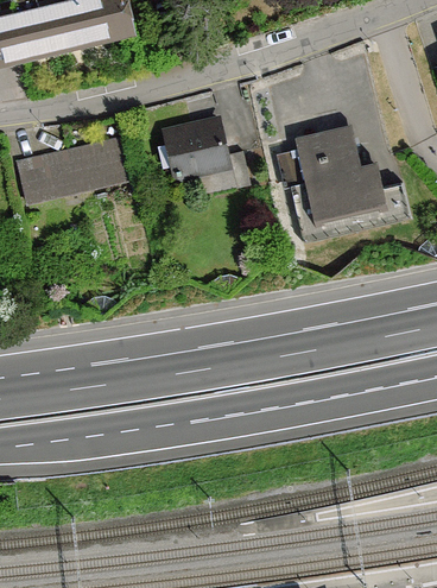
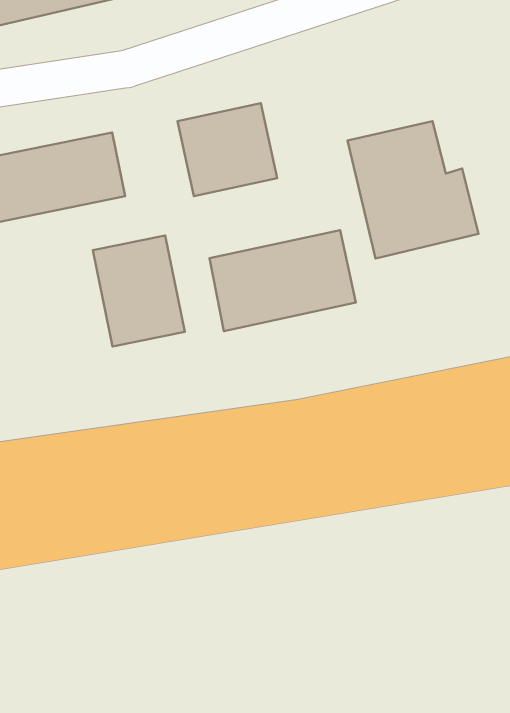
building: none -> [210,230,356,331]
building: none -> [93,236,185,346]

